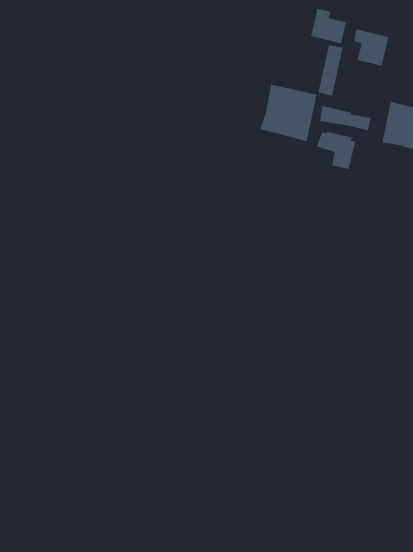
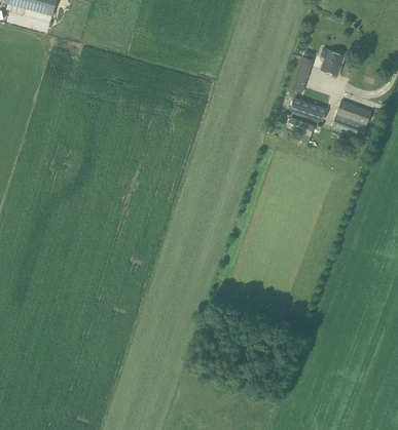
building: [310,8,347,44] -> none
building: [260,84,318,142] -> none

